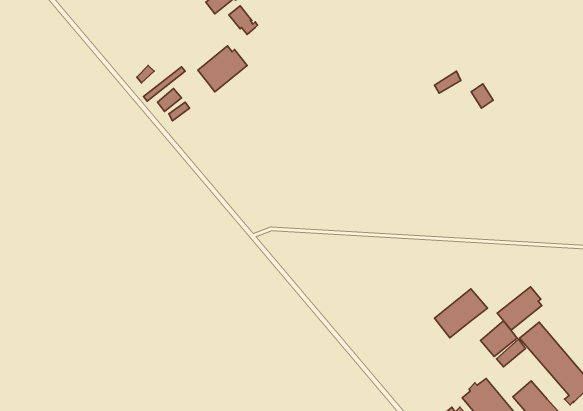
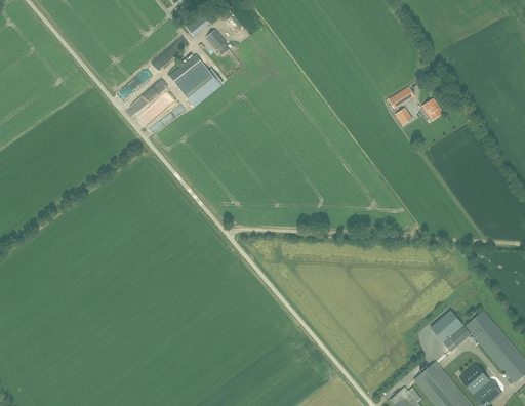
building: none -> [168,54,204,86]
building: [497,287,542,330] -> none
building: [434,289,487,338] -> none

